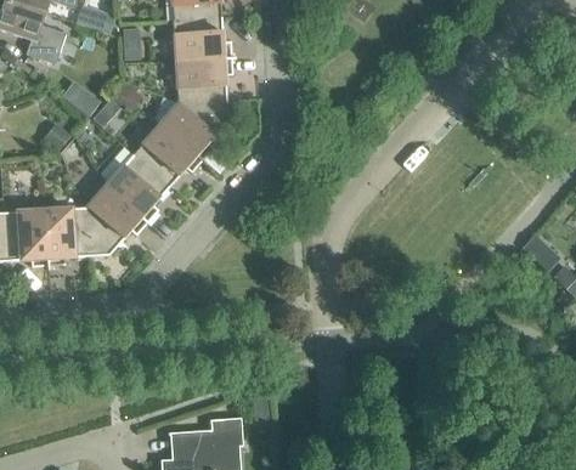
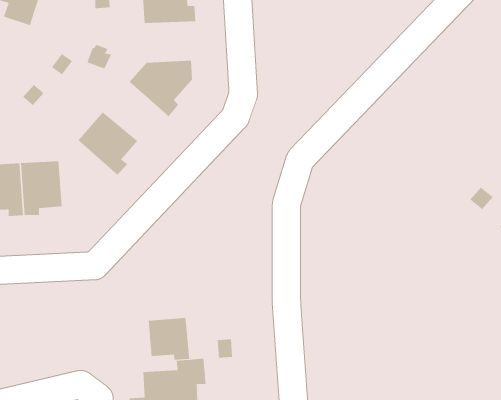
building: [175,58,232,102] -> none
building: [131,123,202,186] -> none
building: [85,185,147,255] -> none
building: none -> [148,317,190,360]

